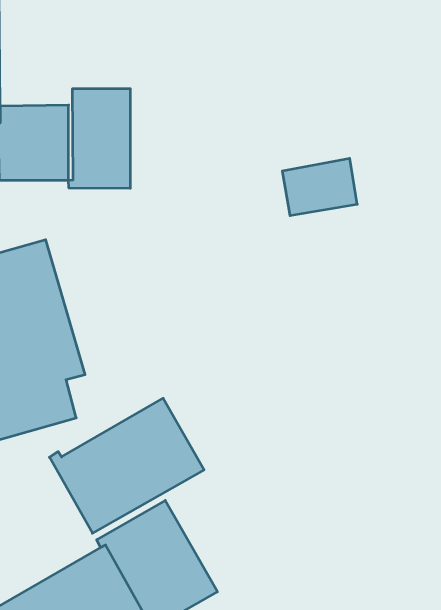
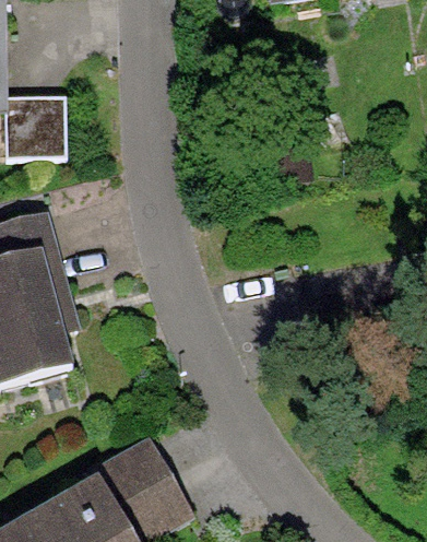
building: [69,89,130,188] -> none
building: [49,398,204,533] -> none

